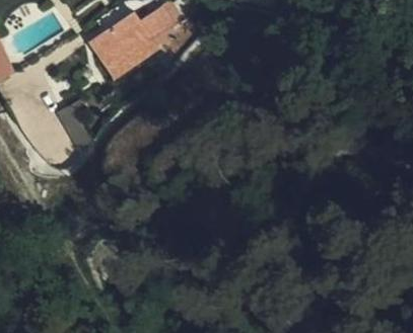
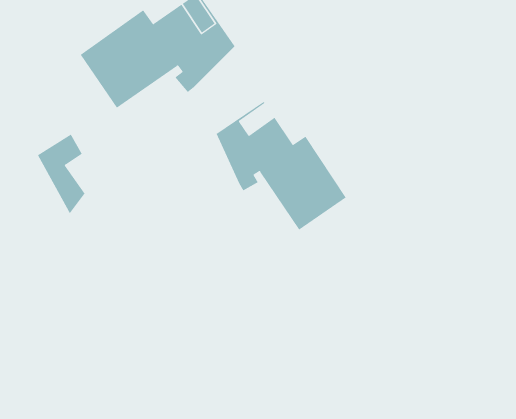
building: none -> [216,101,347,230]

